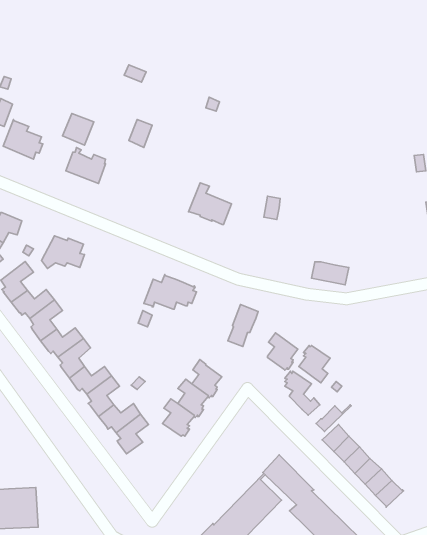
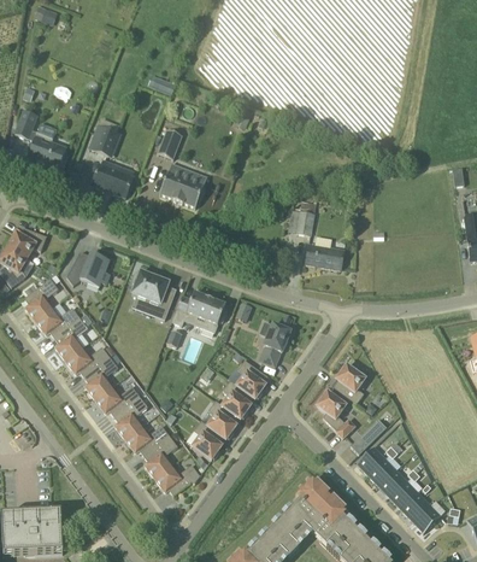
building: [188,183,232,225] -> [159,163,204,206]
building: none -> [131,270,176,318]
building: [311,262,349,285] -> [305,245,343,269]
building: [267,333,298,370] -> [236,359,267,398]
building: none -> [154,464,200,494]

